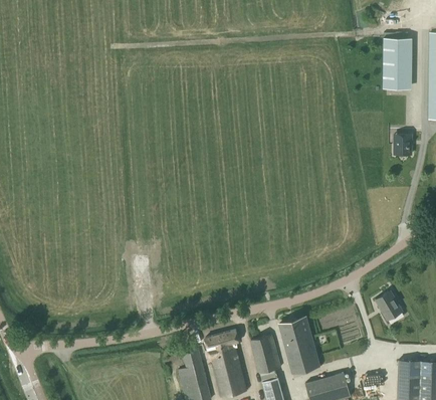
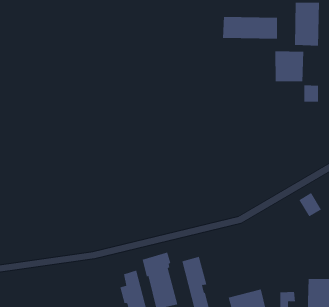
building: none -> [223,16,278,40]
building: none -> [275,50,304,82]
building: [375,291,402,321] -> [299,192,322,217]
building: [278,318,319,375] -> none

